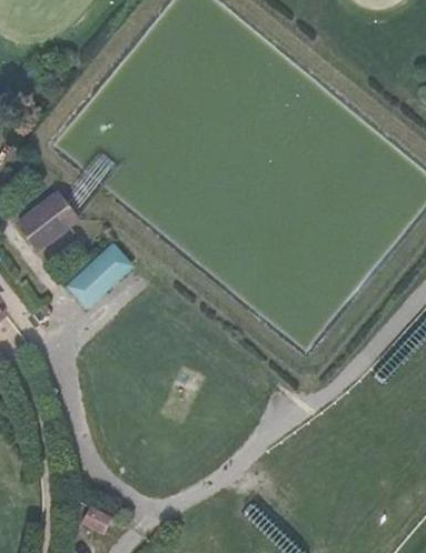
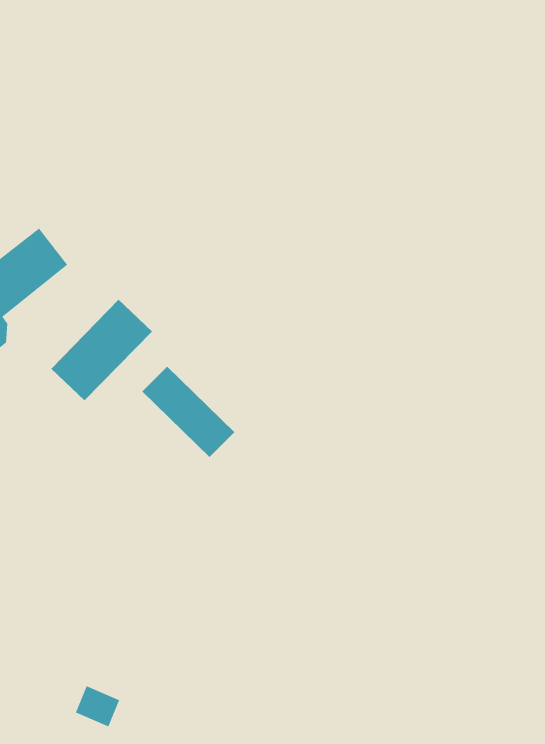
building: none -> [142,366,235,458]

